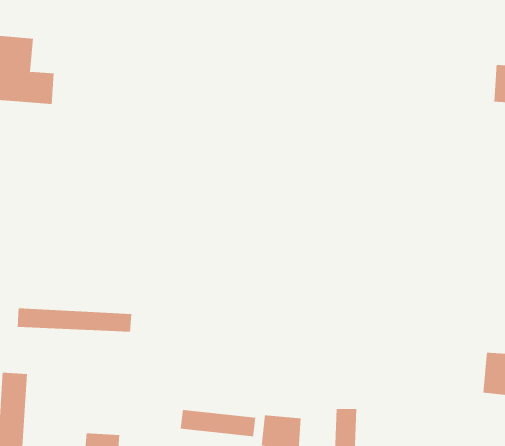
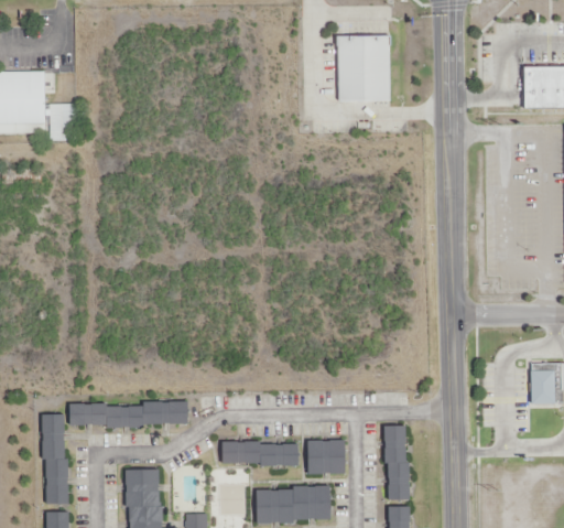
building: none -> [337,35,395,106]
building: [17,308,132,332] -> [73,405,189,425]

